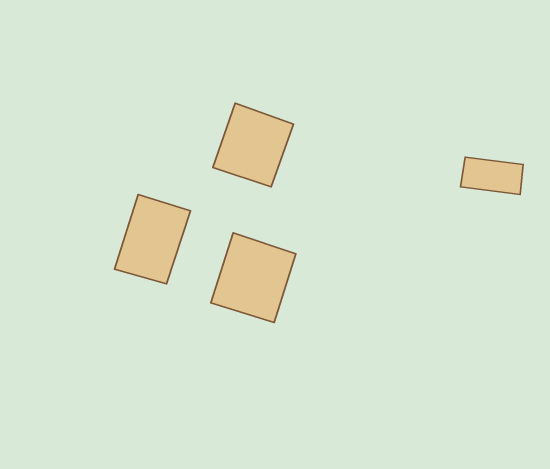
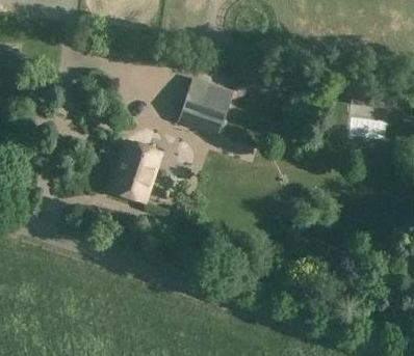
building: [211,233,296,322] -> none

